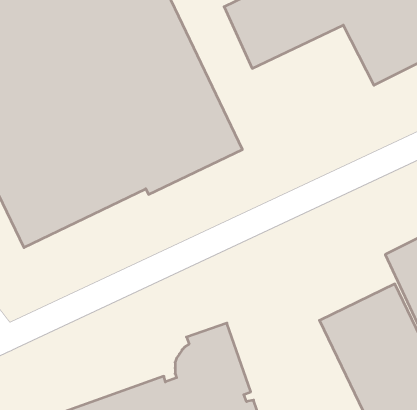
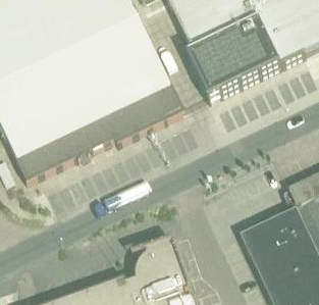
building: none -> [185,19,280,99]

